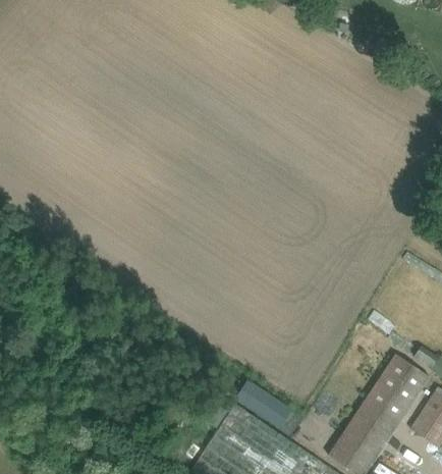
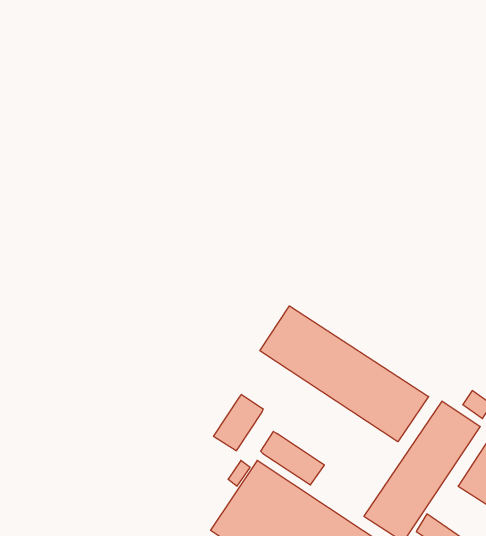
building: none -> [260,306,429,442]
building: none -> [214,394,263,451]

